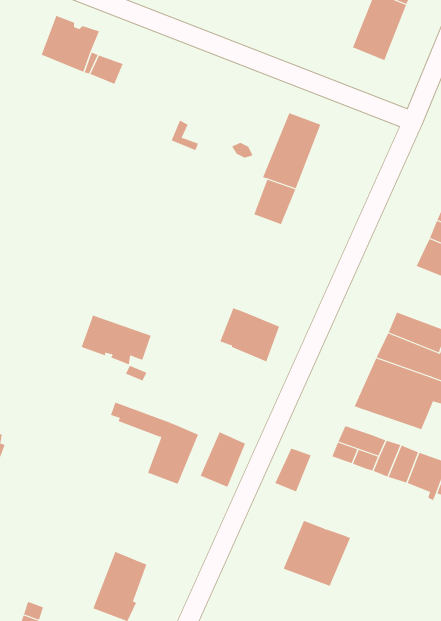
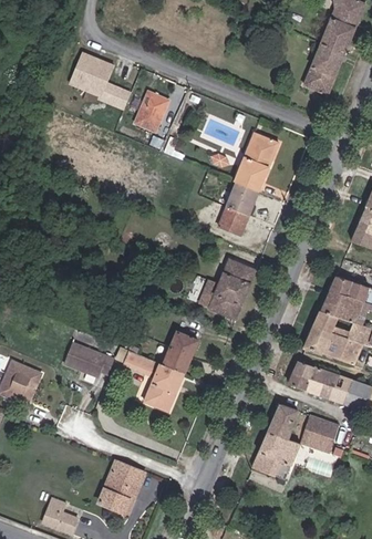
building: none -> [135,89,168,127]
building: none -> [220,204,248,230]
building: none -> [220,253,257,288]
building: [81,315,152,365] -> [63,336,116,374]
building: [200,432,246,488] -> [165,326,199,369]
building: [275,448,311,492] -> [265,406,292,439]
building: none -> [294,416,334,455]

